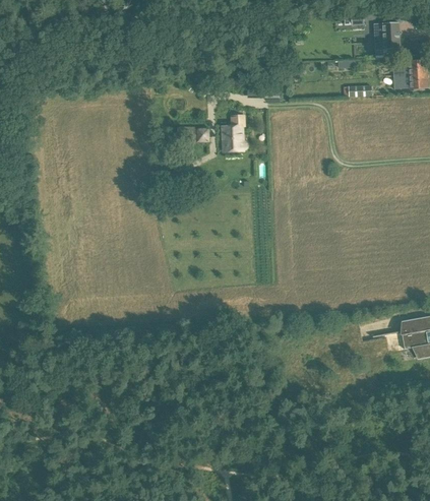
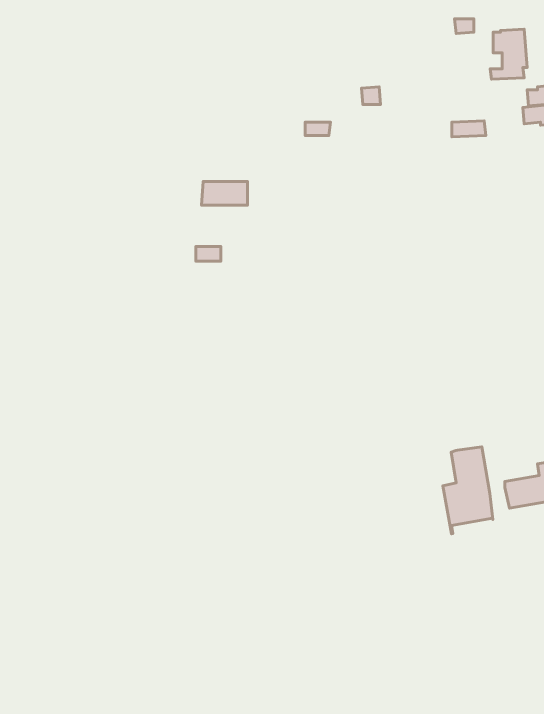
building: [221,124,243,150] -> none
building: none -> [443,447,493,534]

